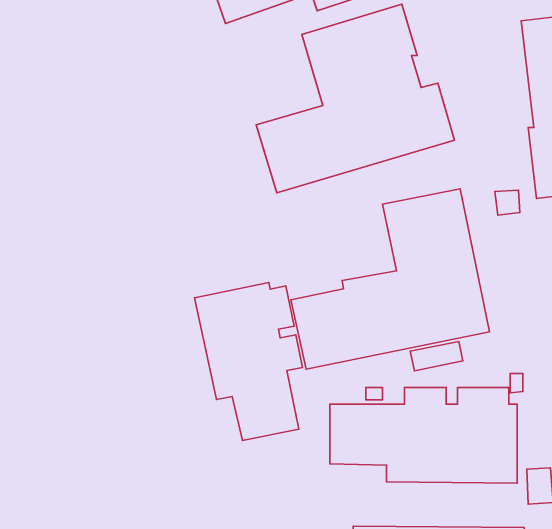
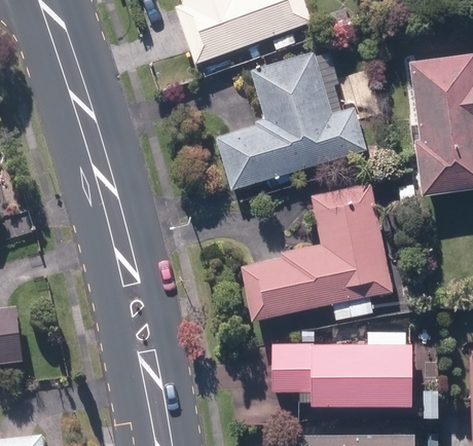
building: [194,283,303,441] -> none

